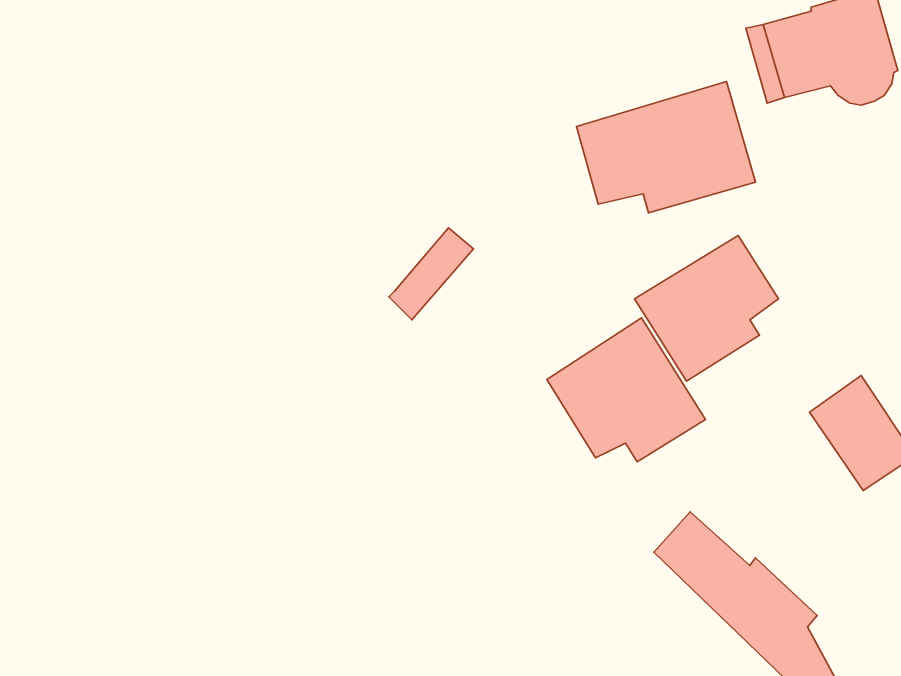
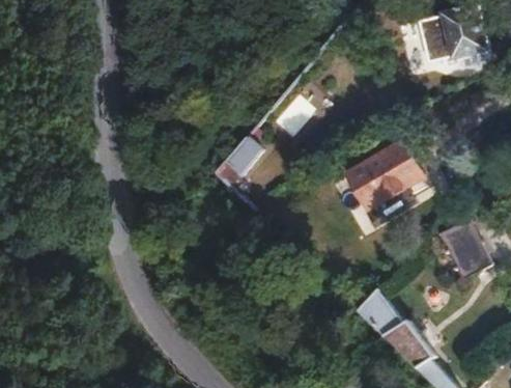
building: [576,81,756,213] -> none
building: [547,318,705,462] -> none

